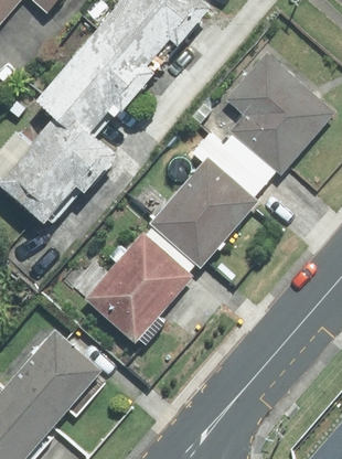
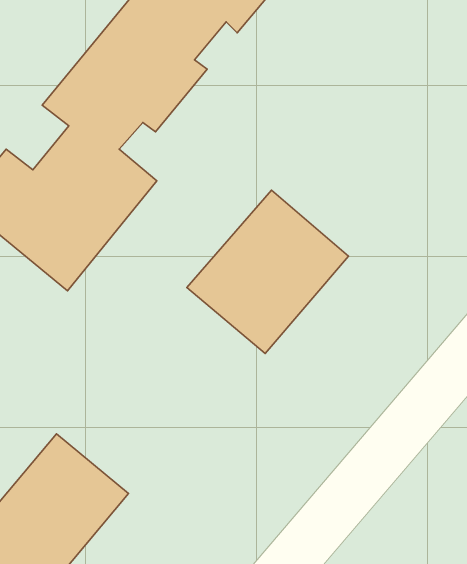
building: [220,53,332,185] -> none
building: [82,225,199,344] -> none

